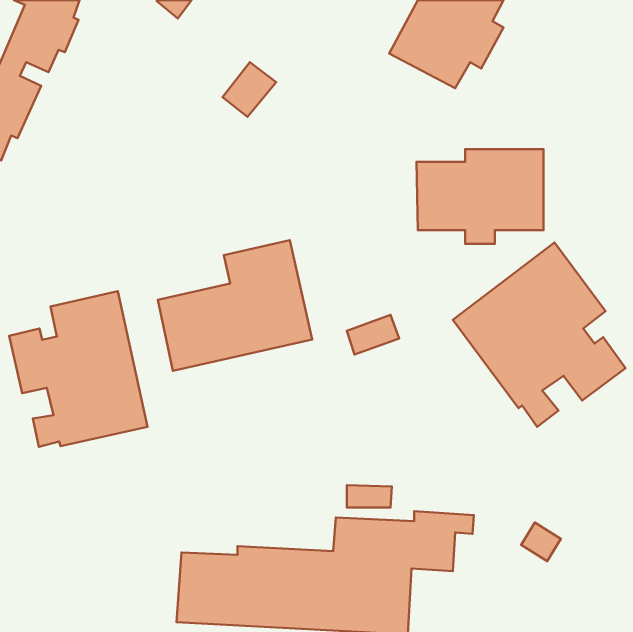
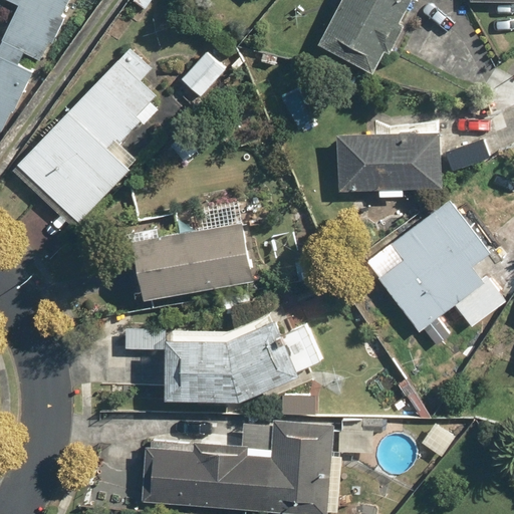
building: none -> [12,49,158,229]
building: [9,291,147,447] -> none
building: none -> [121,314,322,403]

